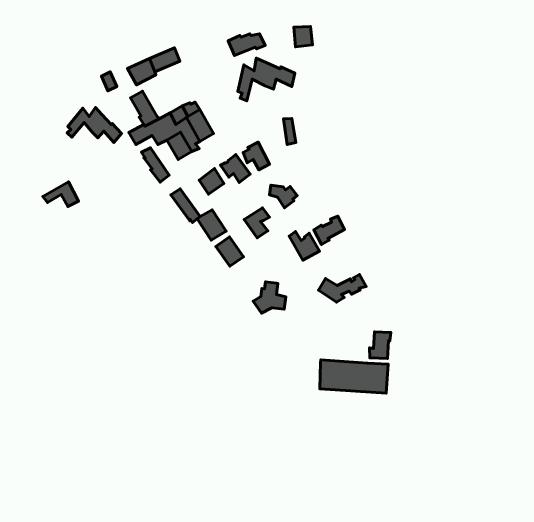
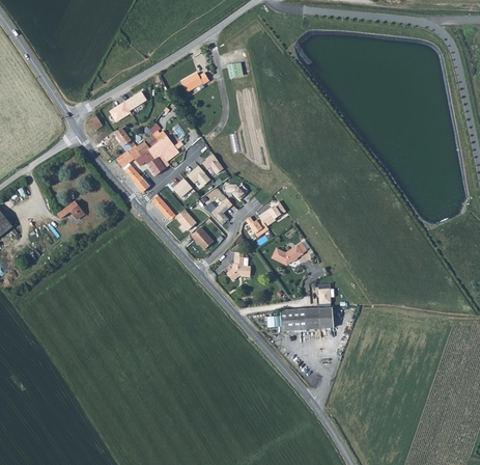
building: [238,58,295,101] -> none
building: [67,107,121,143] -> none

